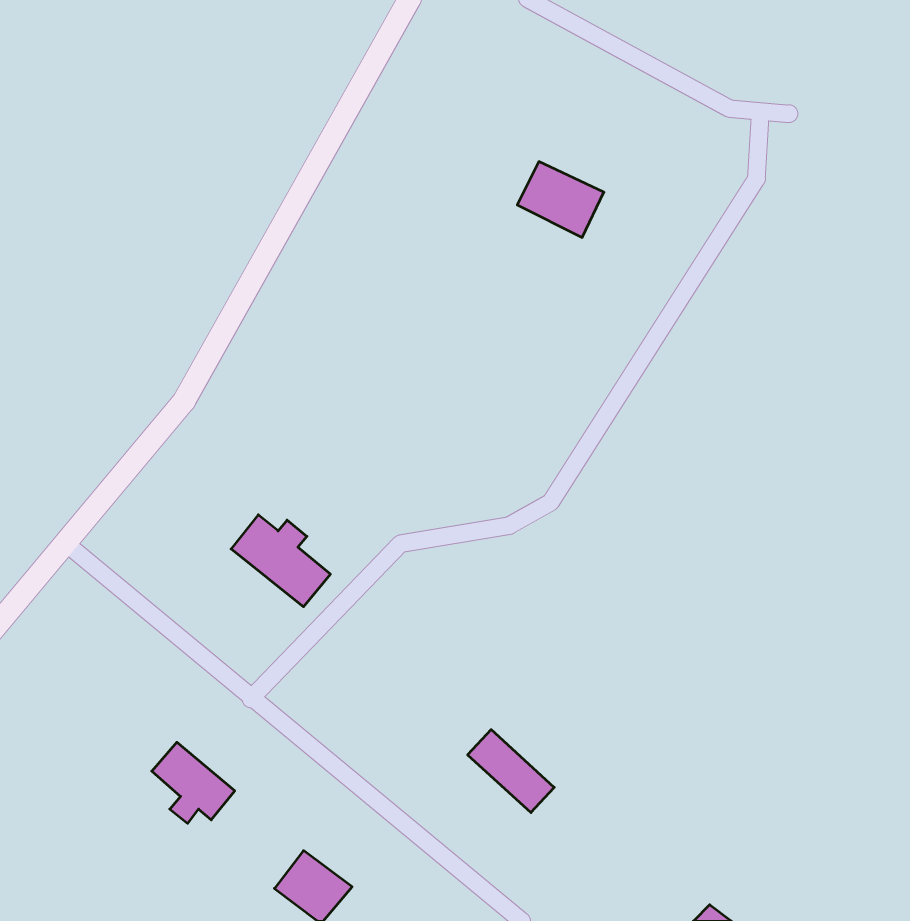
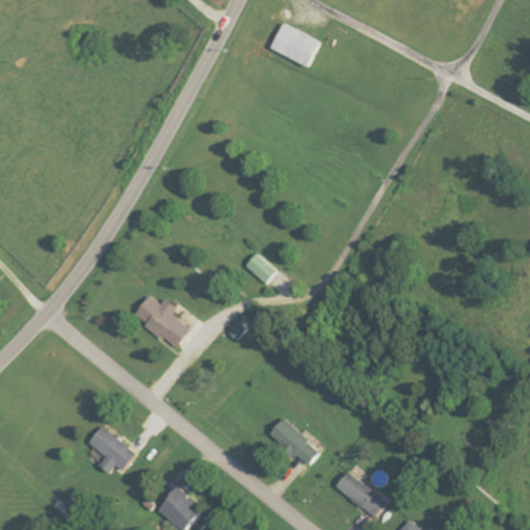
building: [517,162,604,237] -> [268,23,318,66]
building: none -> [242,253,274,284]
building: none -> [333,471,385,517]

